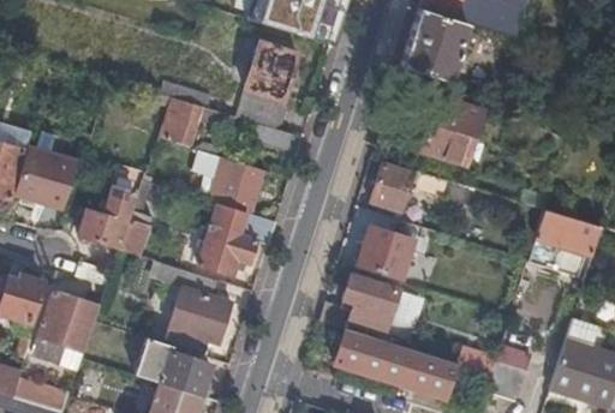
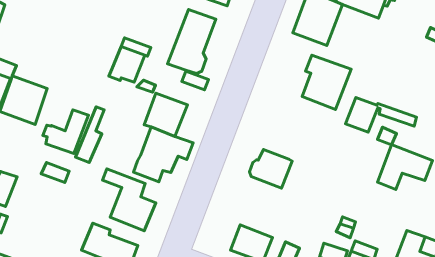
building: [370,164,465,210] -> [345,98,416,132]
building: [321,274,396,329] -> none
building: [34,292,100,363] -> none

